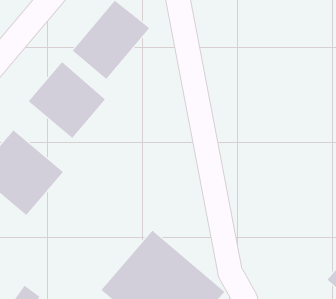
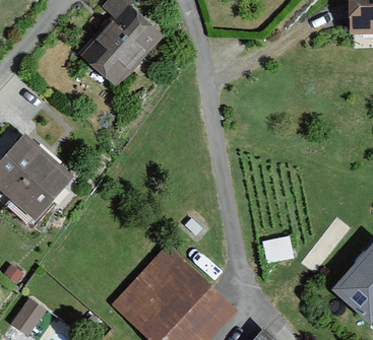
building: [28,61,106,139] -> none

